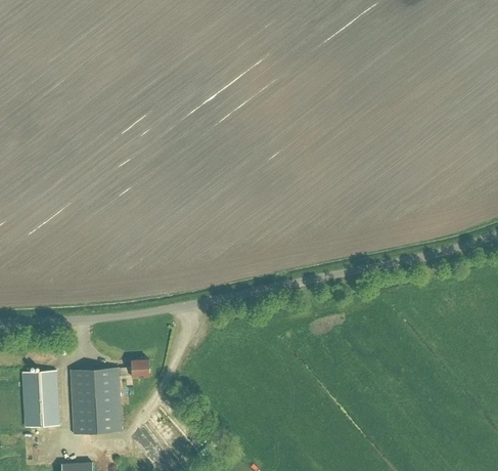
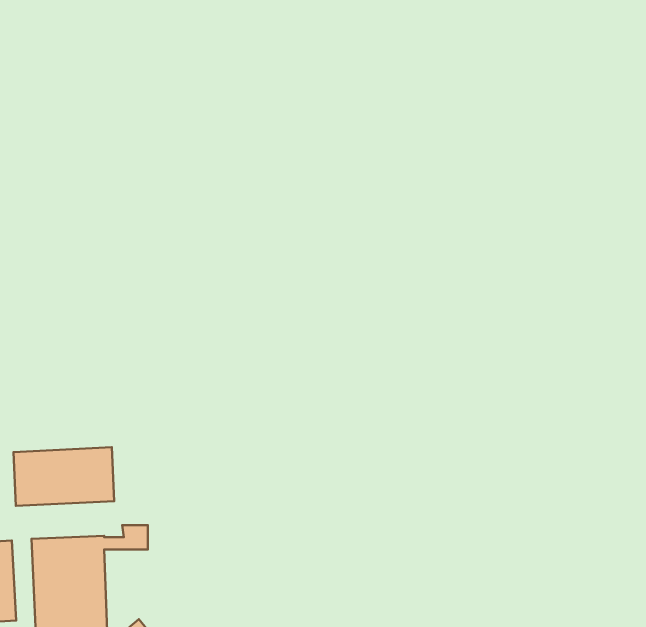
building: none -> [13,447,114,506]

